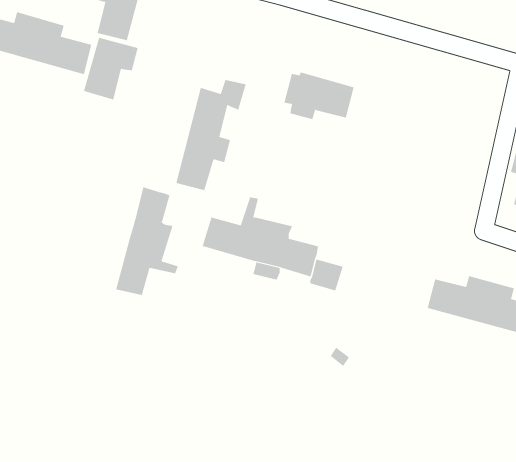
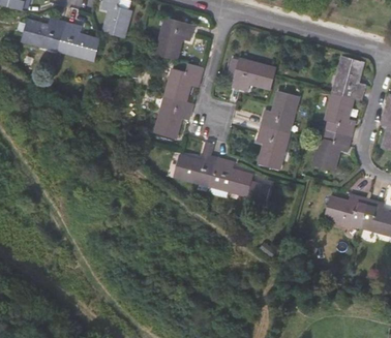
building: [83,37,139,100] -> [155,18,192,60]
building: none -> [312,56,364,171]
building: none -> [255,91,298,170]
building: [116,187,179,296] -> none

